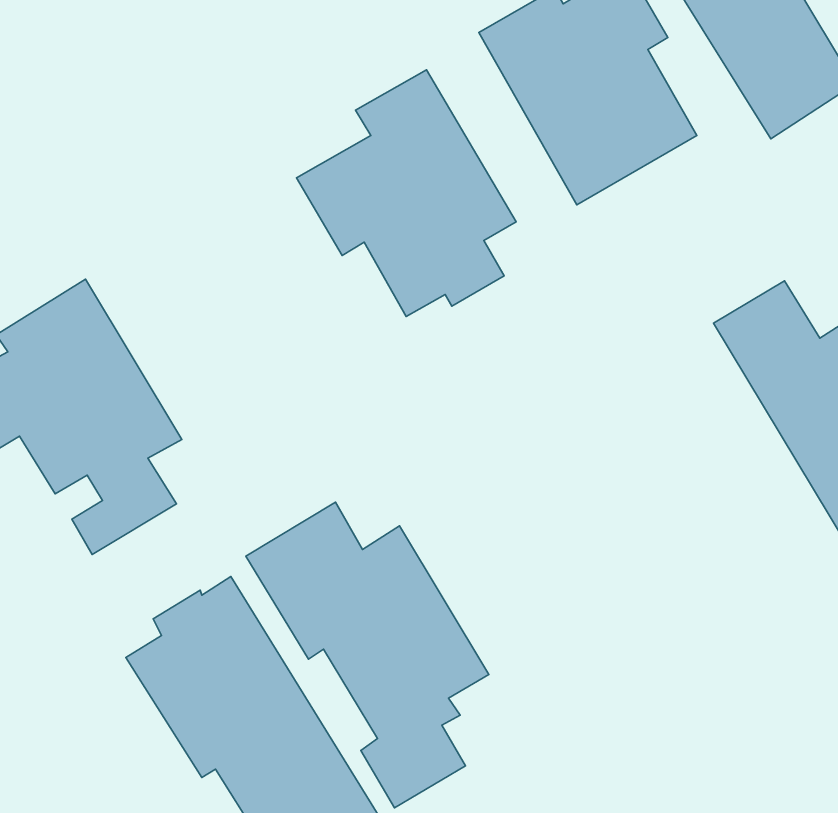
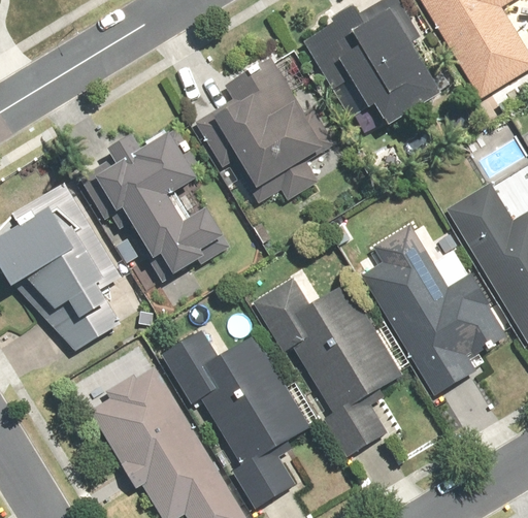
building: none -> [91,128,230,277]
building: none -> [360,223,507,394]
building: none -> [251,267,407,456]

